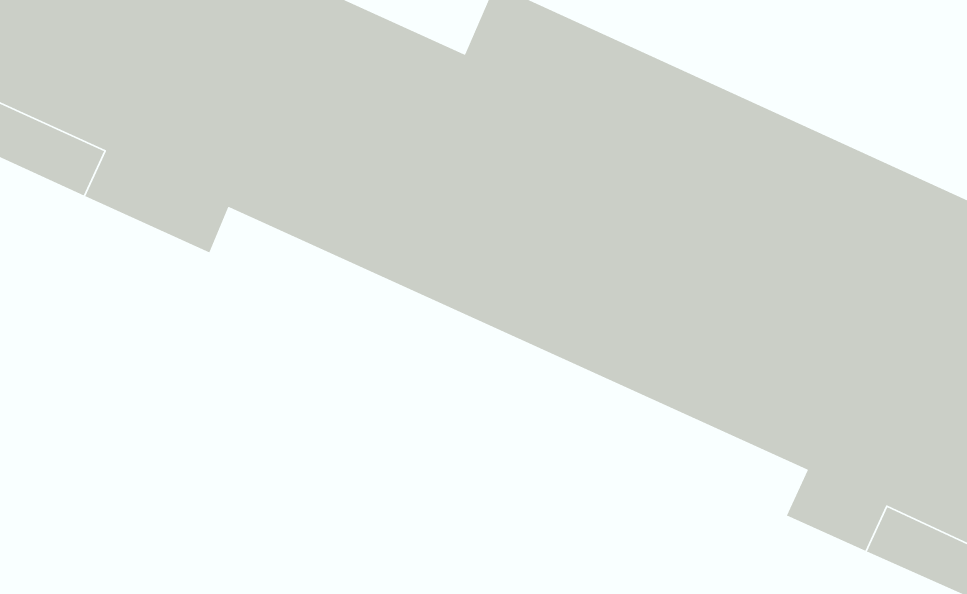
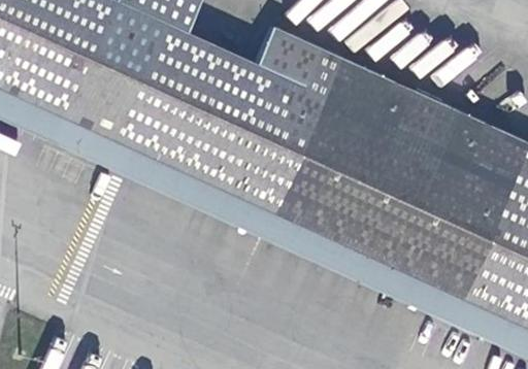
building: none -> [116,145,439,312]

